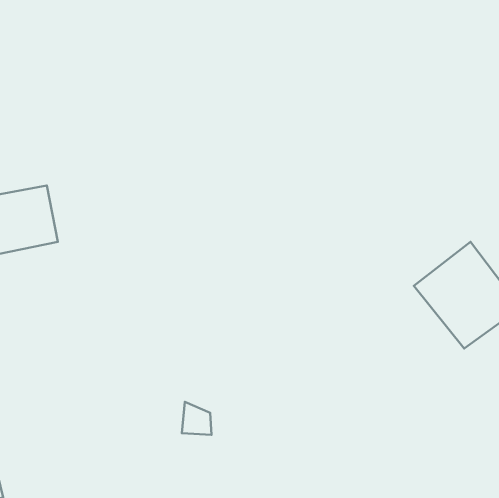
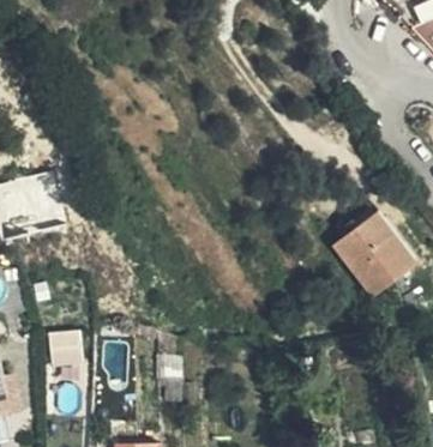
building: none -> [43,330,78,366]

